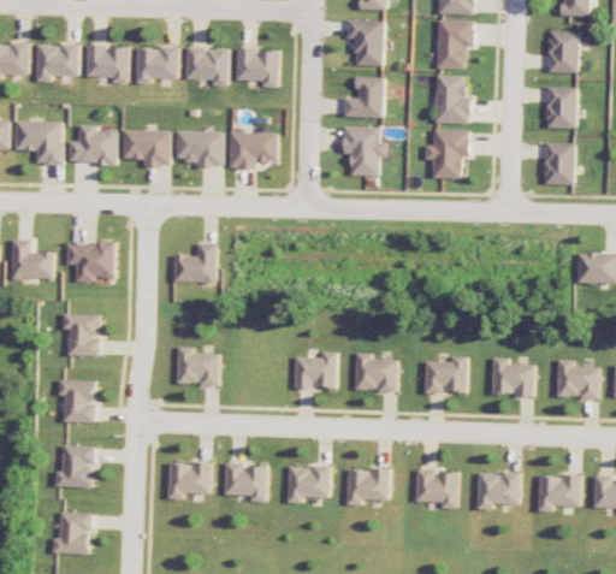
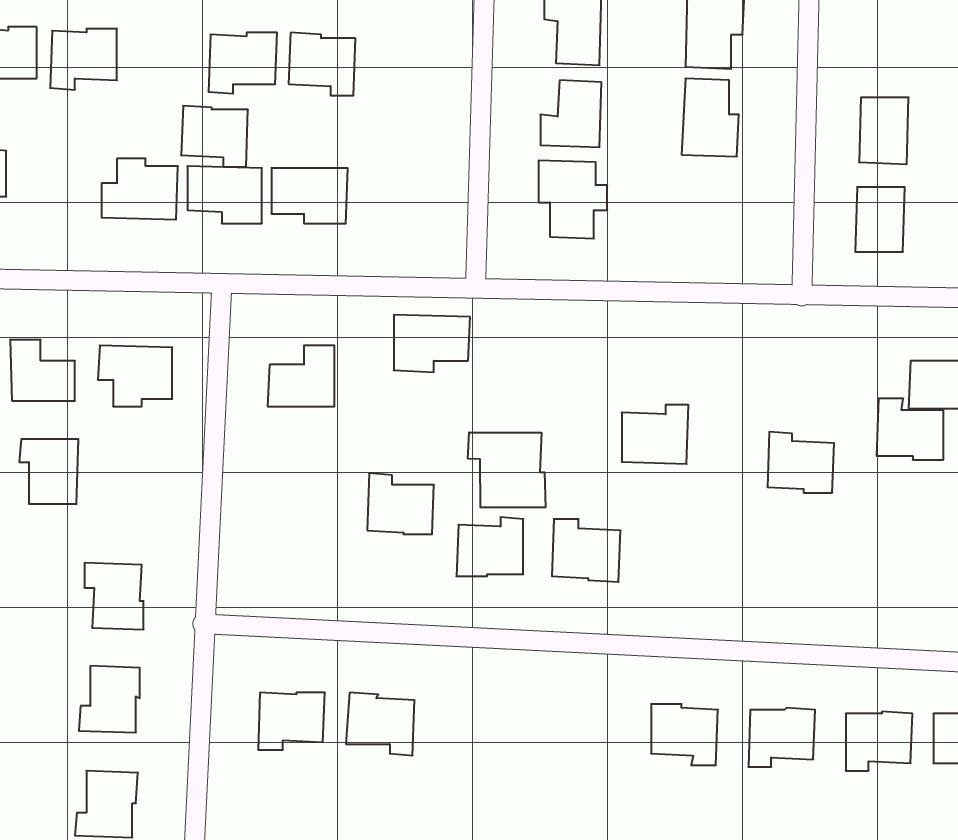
building: [549,31,579,72] -> none
building: [87,45,129,83] -> [181,106,248,167]
building: [237,48,279,87] -> none
building: [14,120,63,164] -> none
building: [426,130,469,178] -> none
building: [230,132,278,168] -> [394,315,470,372]
building: none -> [468,432,546,507]
building: [61,314,99,355] -> [19,439,78,504]
building: [176,347,218,385] -> [367,473,434,534]
building: [424,356,466,393] -> [622,405,688,464]
building: [491,357,533,396] -> [767,432,834,493]
building: [556,360,598,398] -> [877,399,943,460]
building: [286,464,328,503] -> none
building: [345,468,387,505] -> none

